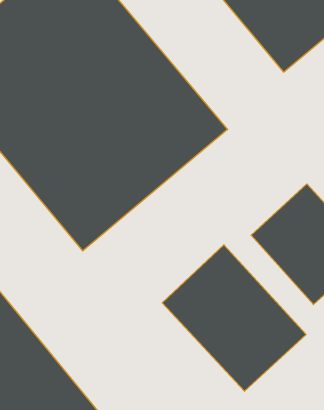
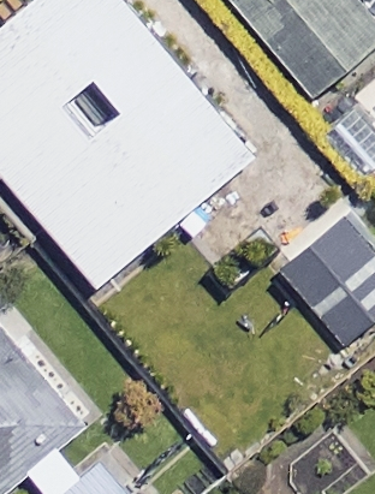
building: [162,245,306,391] -> none

